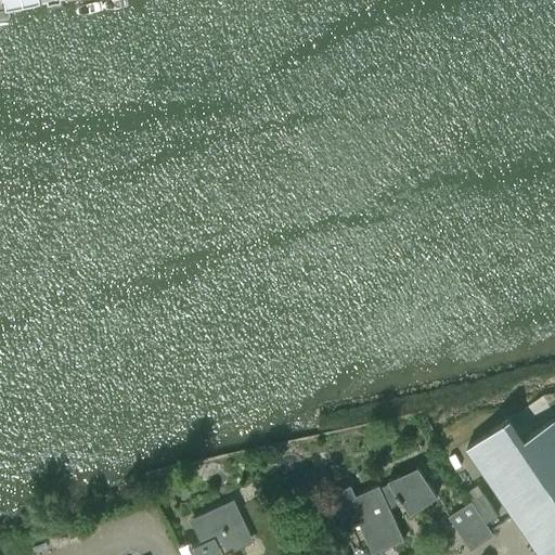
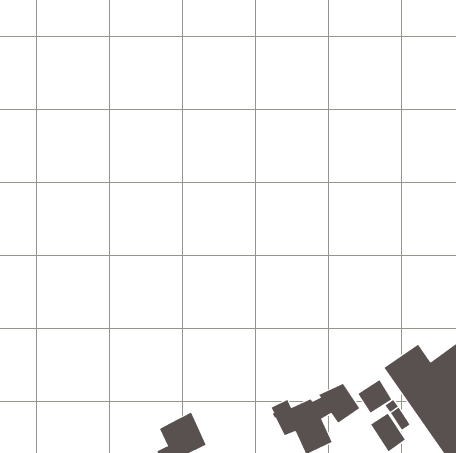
building: none -> [357,379,392,414]

